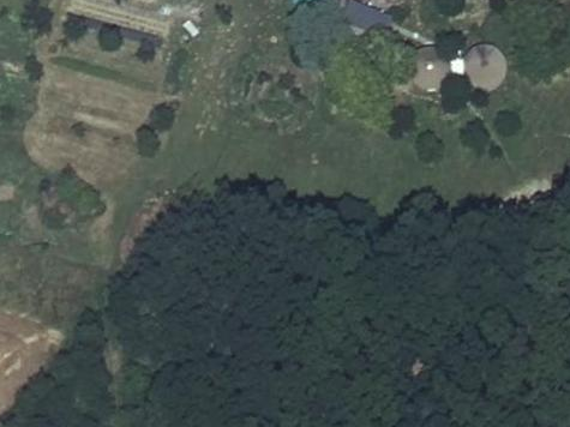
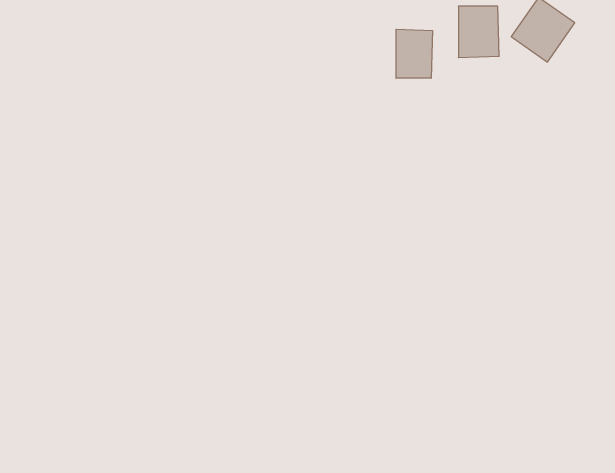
building: none -> [396,29,432,78]

